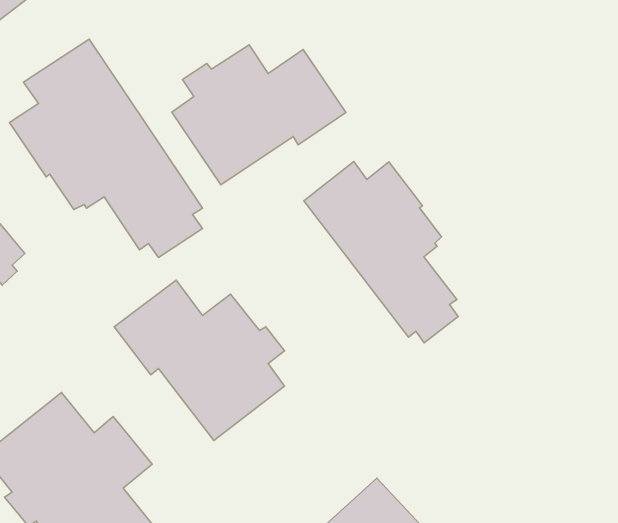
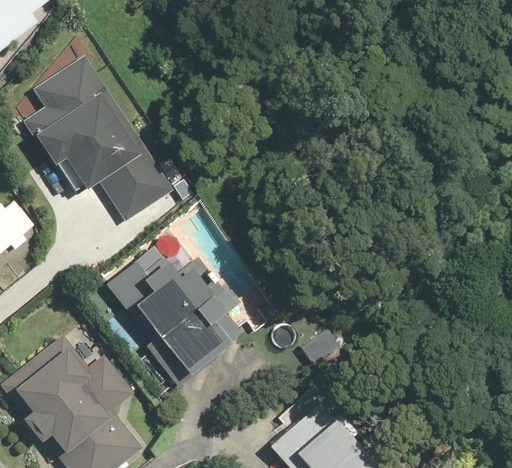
building: [172,45,346,185] -> none
building: [304,161,458,343] -> none

